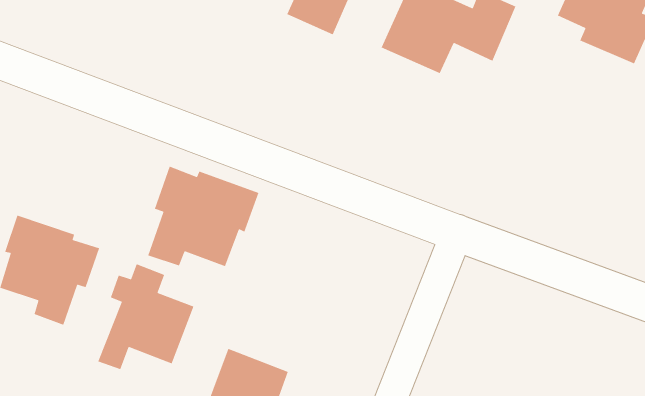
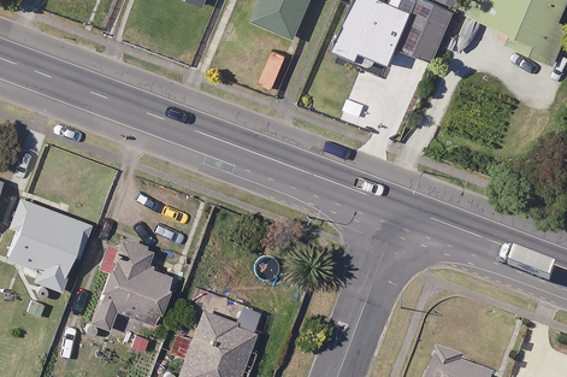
building: [147,166,259,267] -> none

